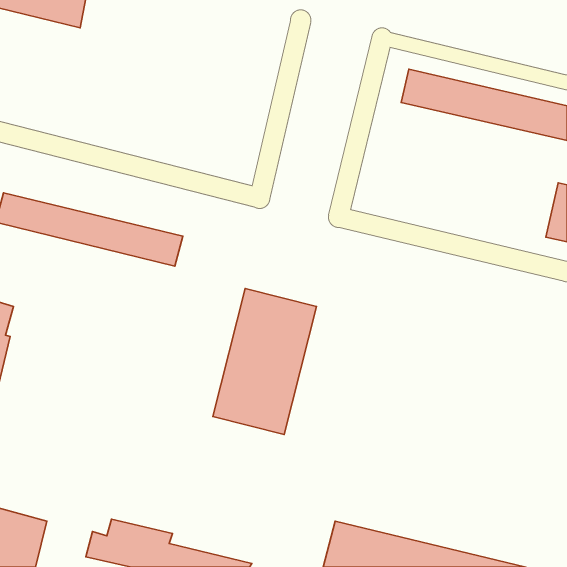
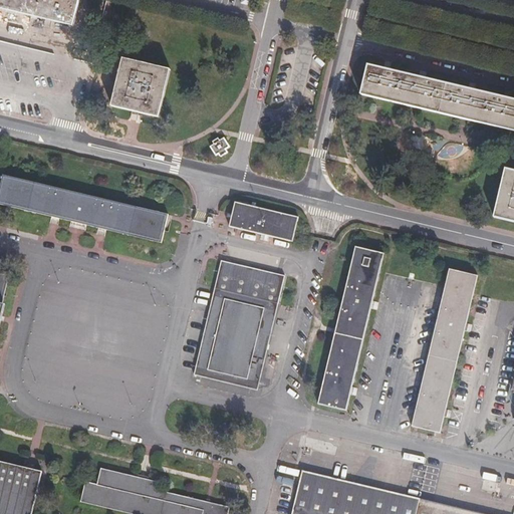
building: none -> [109,56,170,116]
building: none -> [230,202,299,242]
building: none -> [317,247,383,409]
building: none -> [411,269,477,432]

